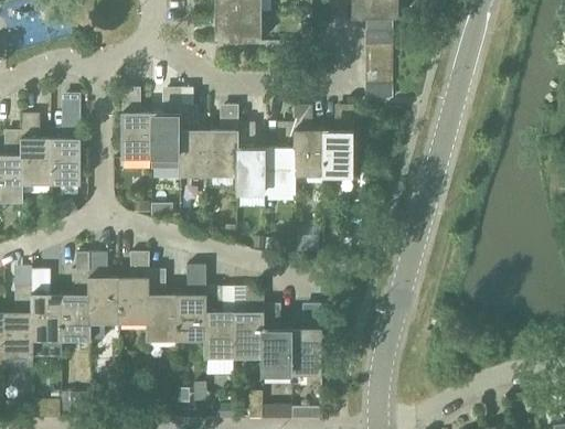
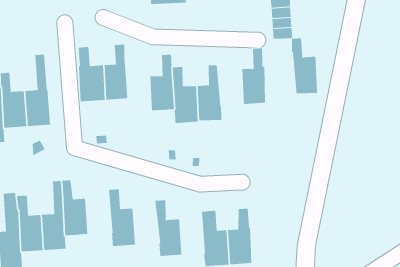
building: [178,89,209,175] -> none
building: [294,106,324,176] -> [291,38,318,94]
building: [118,254,148,324] -> none
building: [177,265,206,342] -> none
building: [234,288,263,358] -> none

